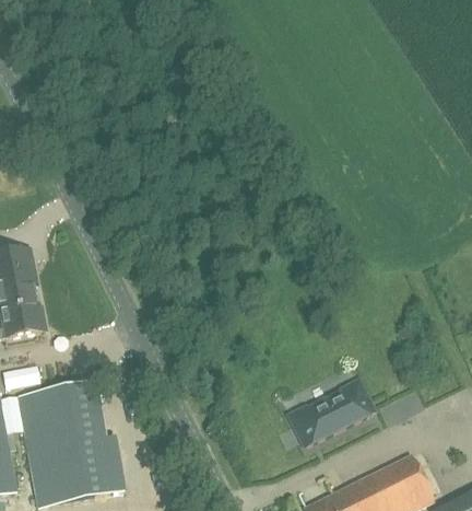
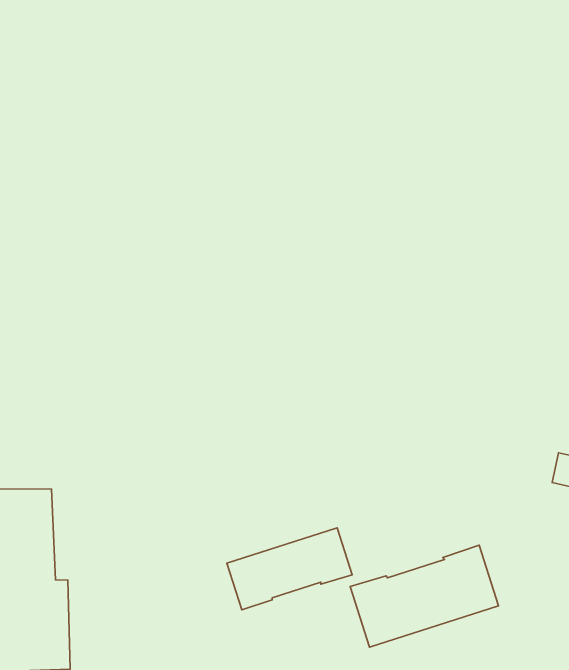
building: none -> [227,528,352,610]

